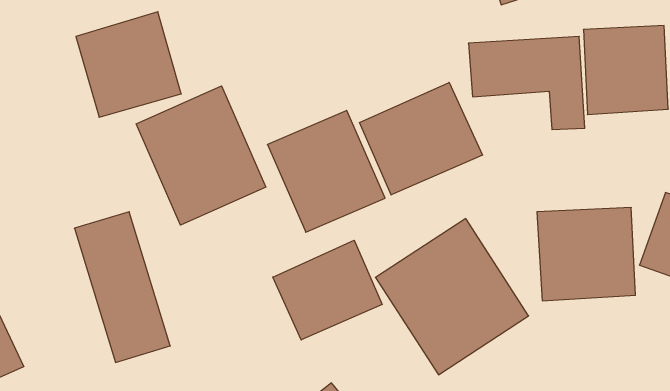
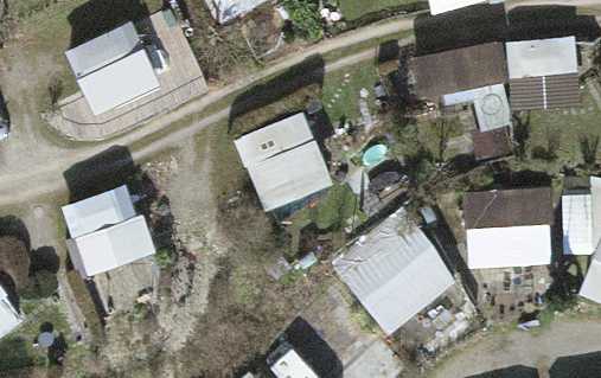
building: [360,82,483,195] -> none
building: [136,86,266,225] -> none
building: [273,240,382,340] -> none

